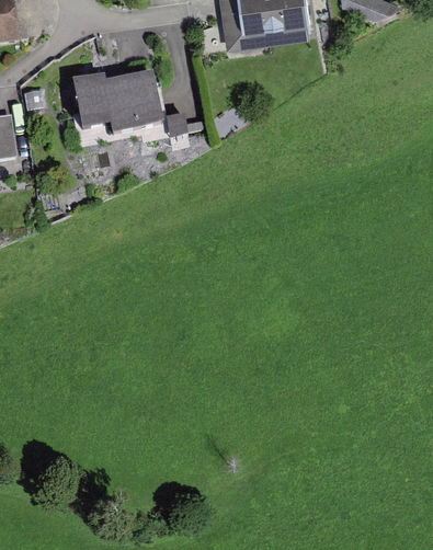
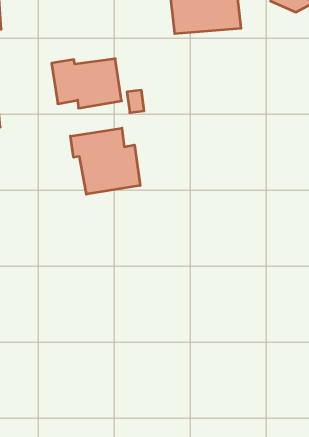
building: none -> [70,128,140,194]

